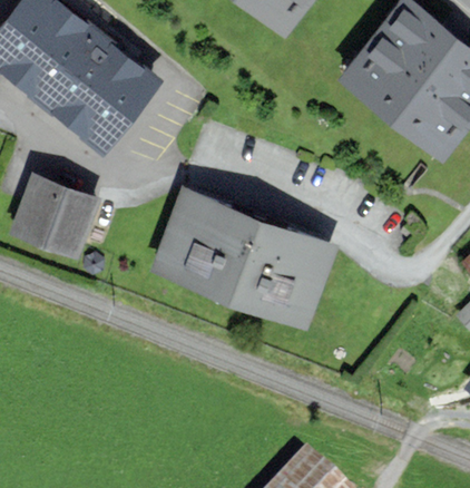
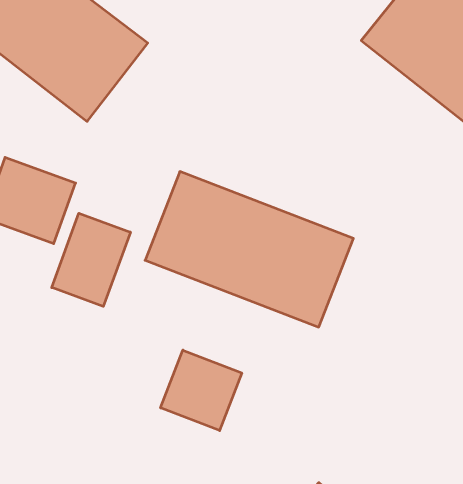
building: none -> [52,213,130,306]
building: none -> [161,350,242,431]

